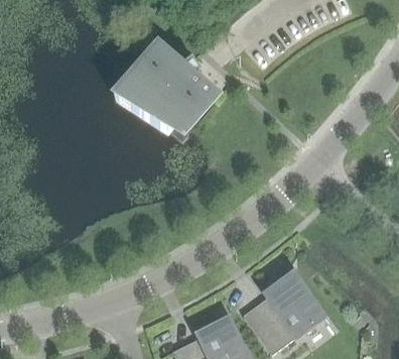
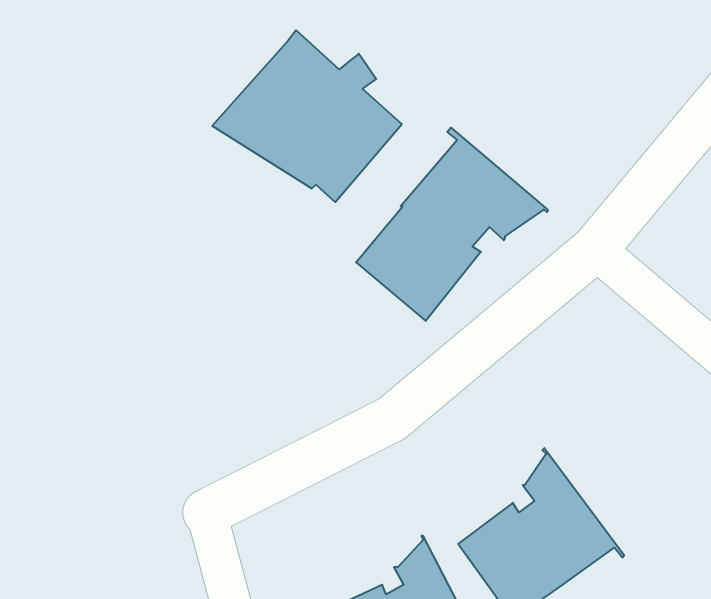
building: none -> [356,128,548,321]

